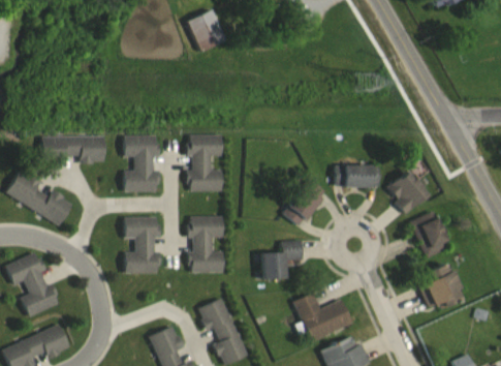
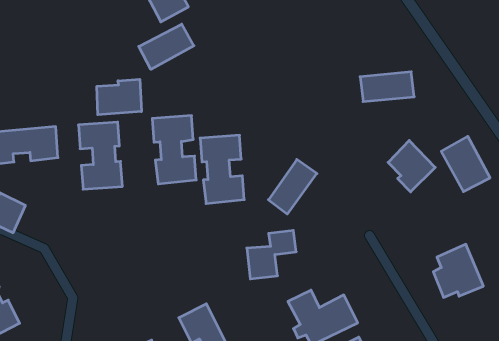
building: none -> [139,24,194,69]
building: none -> [97,79,141,115]
building: [335,164,380,187] -> [360,72,414,102]
building: [410,210,450,257] -> [441,136,490,192]
building: [124,216,159,273] -> none
building: [189,216,223,273] -> [200,135,244,204]

